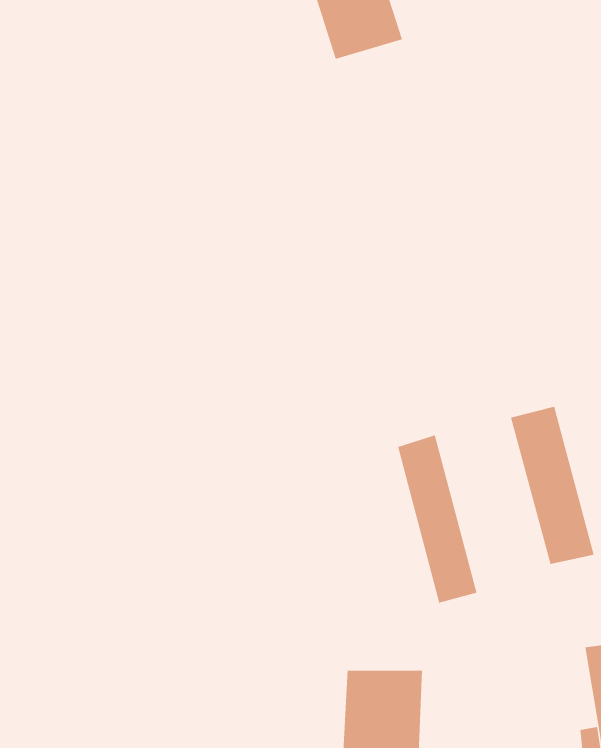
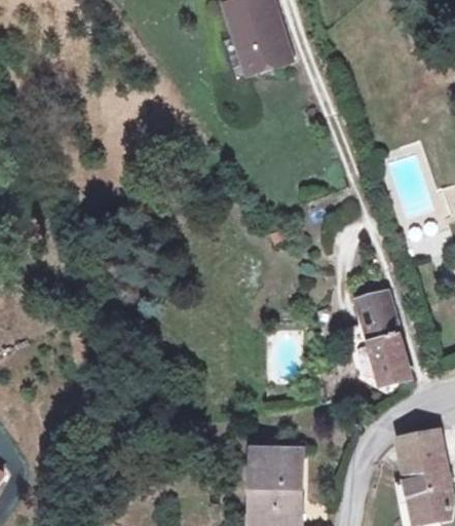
building: [397,435,477,604] -> none

